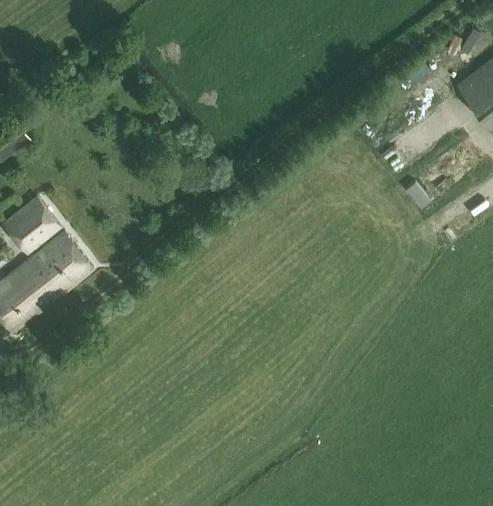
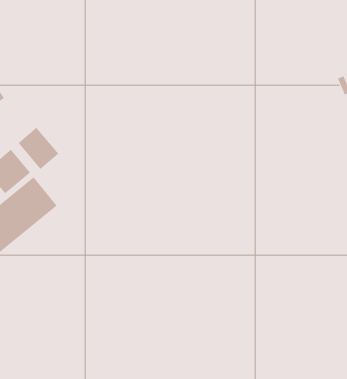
building: none -> [18,127,59,170]

